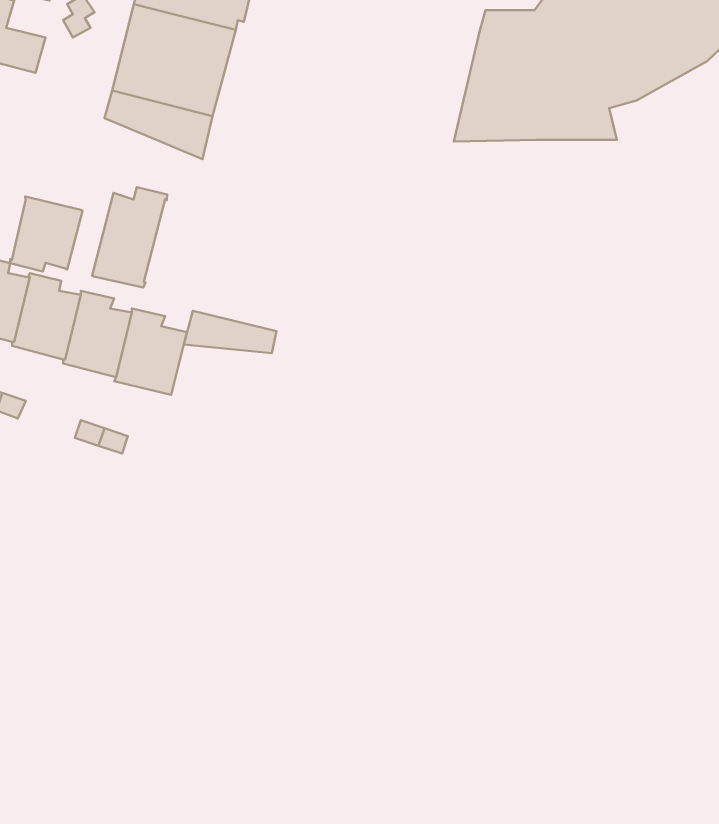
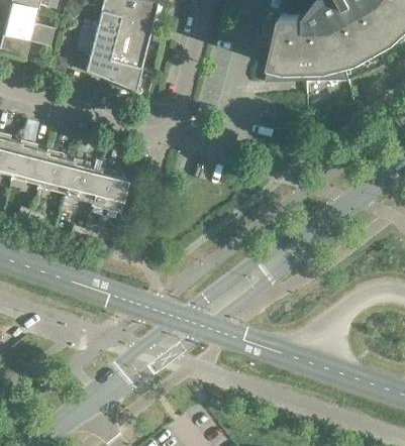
building: [92,187,167,287] -> none
building: [10,197,83,271] -> none
building: [184,311,277,353] -> none

